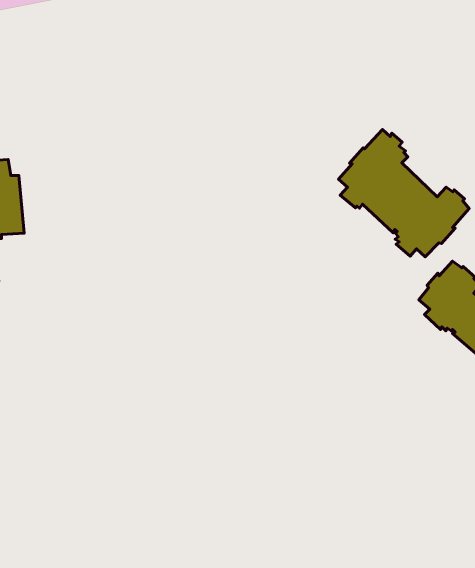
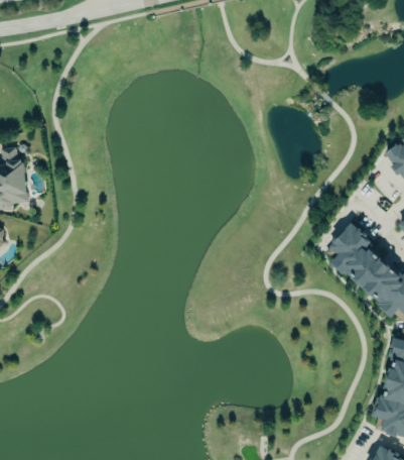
building: [339,129,469,257] -> none

